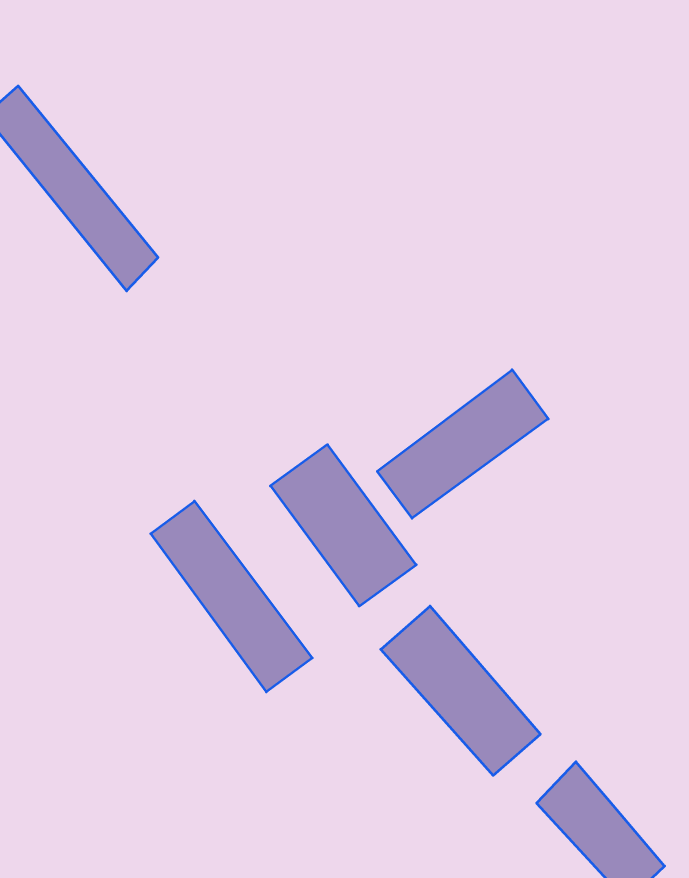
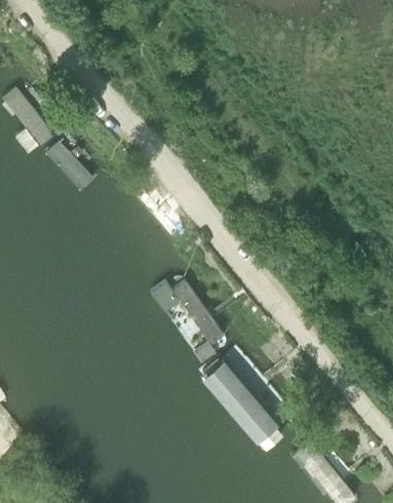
building: [377,370,548,518] -> none
building: [151,501,312,692] -> none

